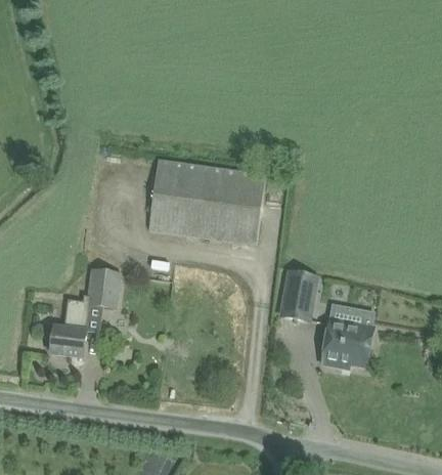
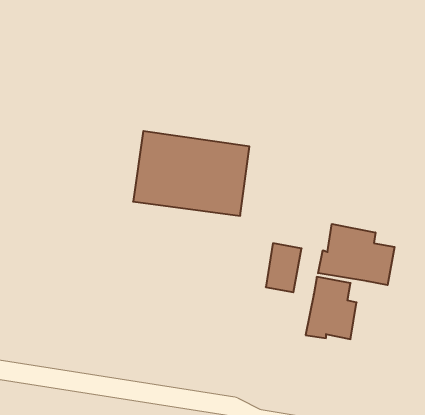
building: none -> [318,224,395,285]
building: [50,270,120,356] -> none

